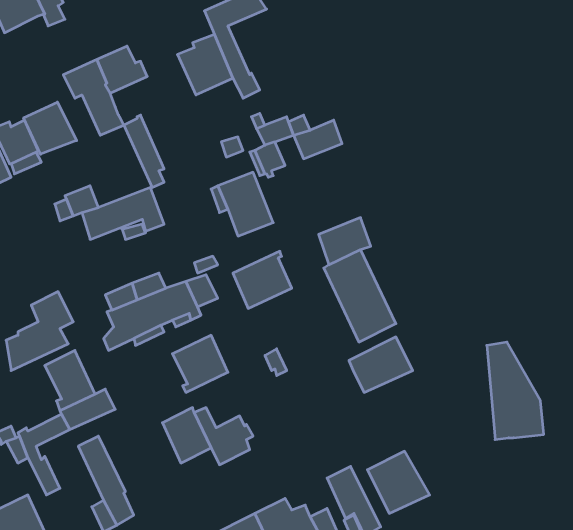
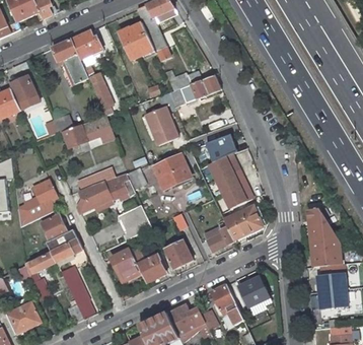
building: [24,102,77,154] -> none
building: none -> [201,222,234,255]
building: none -> [164,240,192,269]
building: none -> [317,265,347,309]

